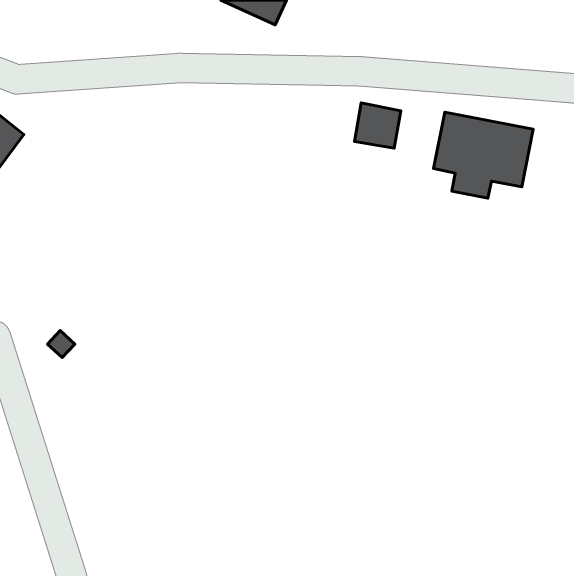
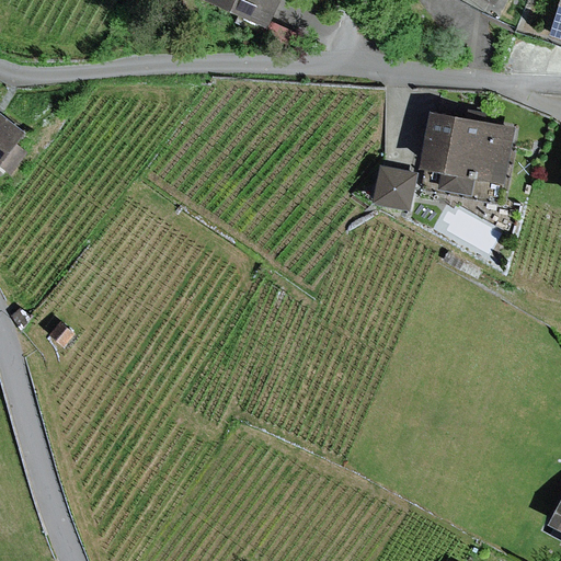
building: [354,103,401,148] -> [371,167,416,210]

